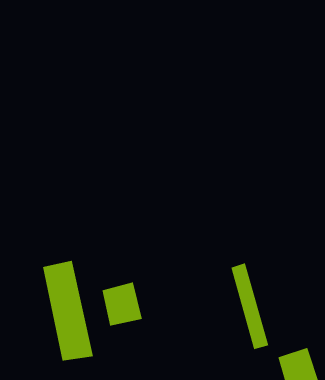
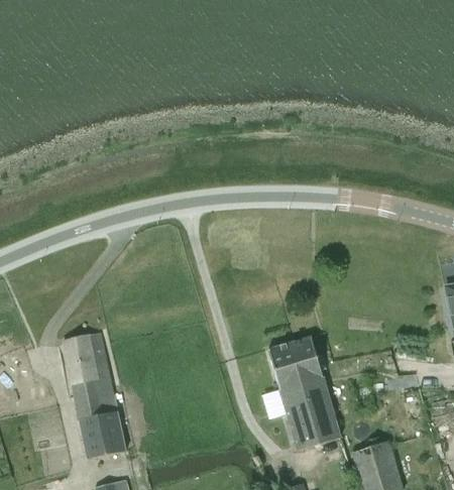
building: none -> [268,342,322,450]
building: [102,281,142,326] -> none

